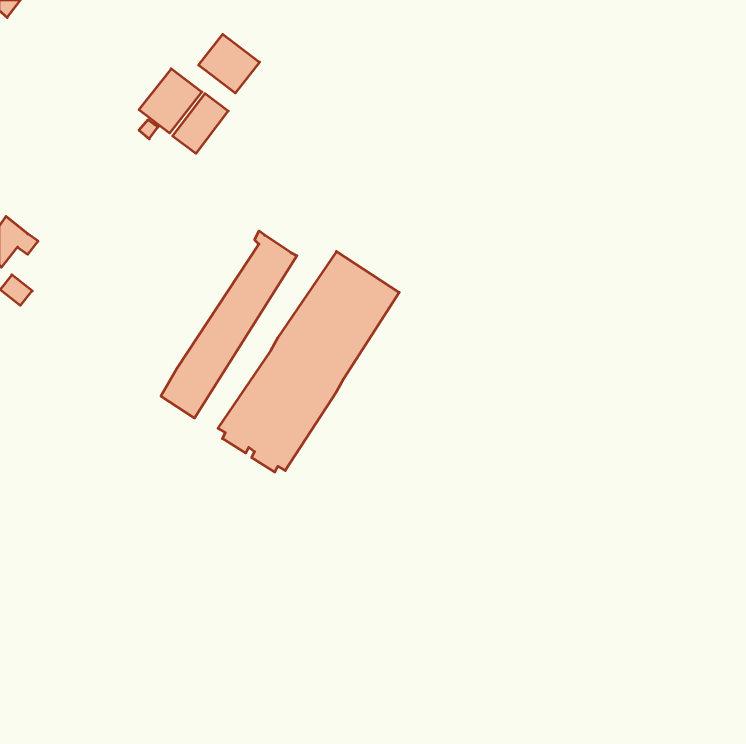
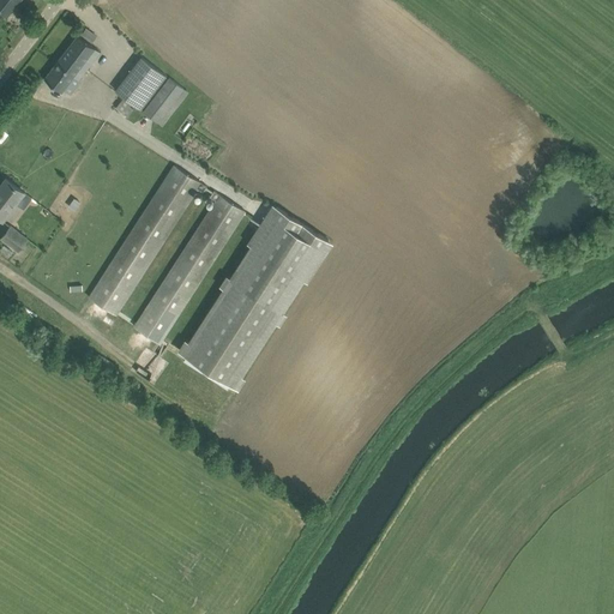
building: [199,34,260,93] -> none
building: none -> [43,37,98,94]
building: none -> [88,167,205,314]

